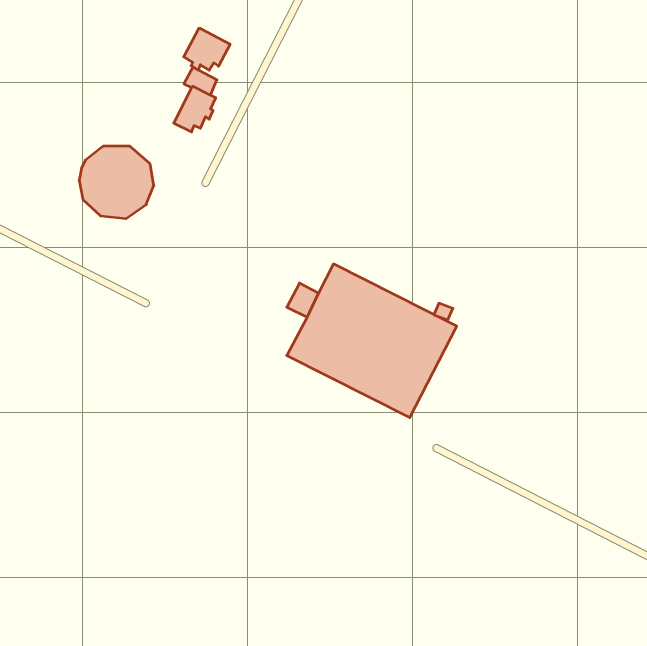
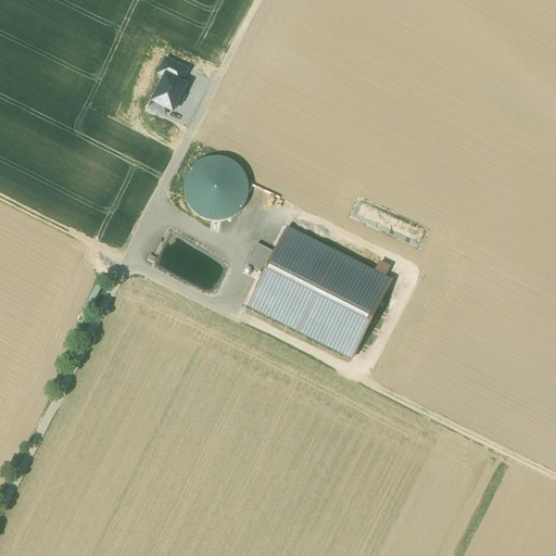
building: [184,28,230,70] -> none
building: [79,146,154,219] -> [184,157,248,219]

